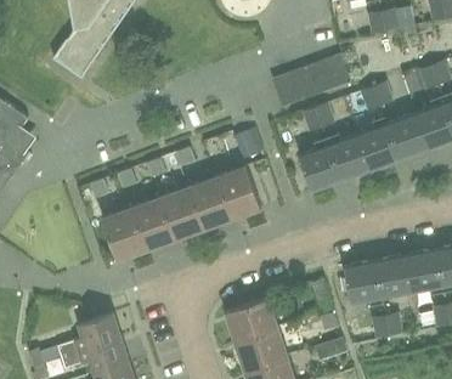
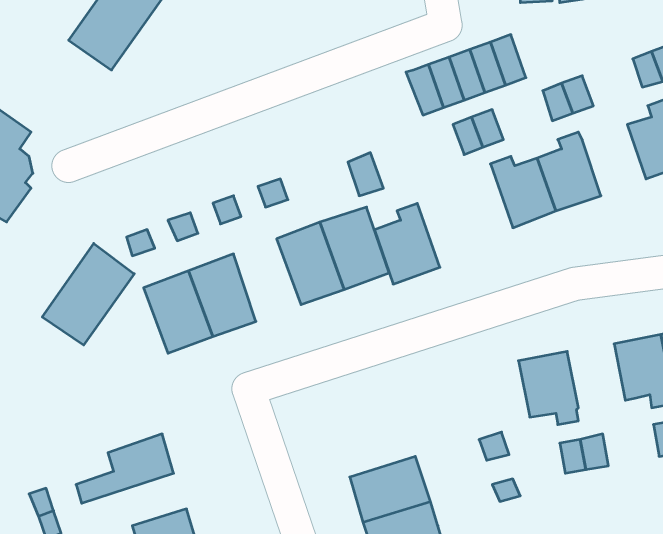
building: [386,113,428,159] -> none
building: [299,138,341,191] -> [374,203,440,284]
building: [160,187,204,241] -> none
building: none -> [42,243,134,345]
building: [377,255,414,296] -> none
building: [226,298,278,341] -> none
building: [62,339,130,373] -> none

